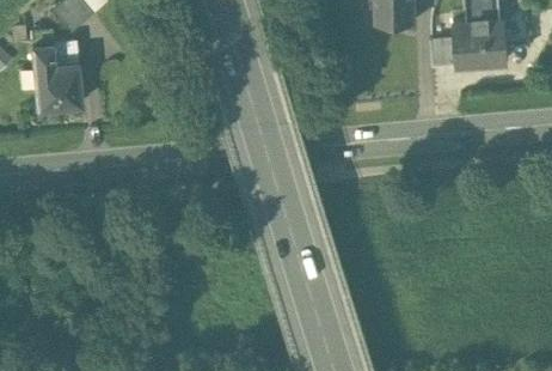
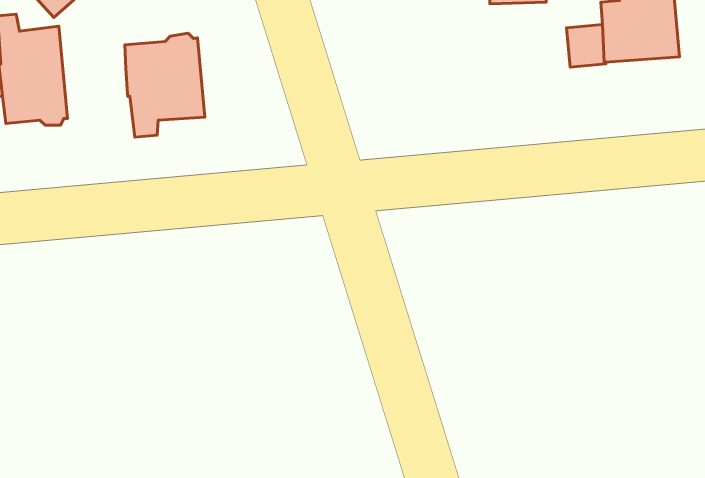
building: none -> [125,33,205,137]

